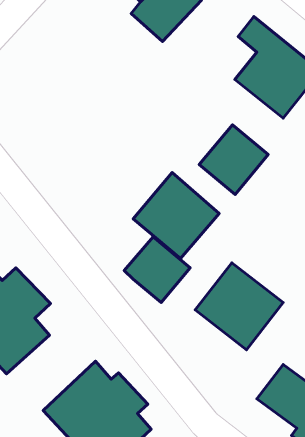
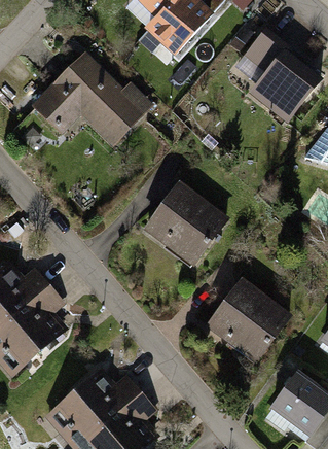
building: none -> [34,54,144,149]
building: [199,125,268,195] -> none
building: [124,237,190,302] -> none

